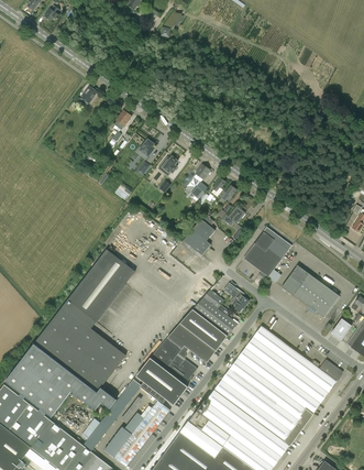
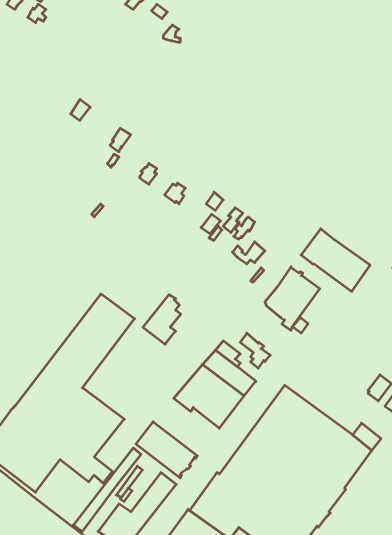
building: [183,214,214,255] -> [143,295,181,344]
building: [280,265,339,318] -> [301,229,370,291]
building: [152,338,197,382] -> none

